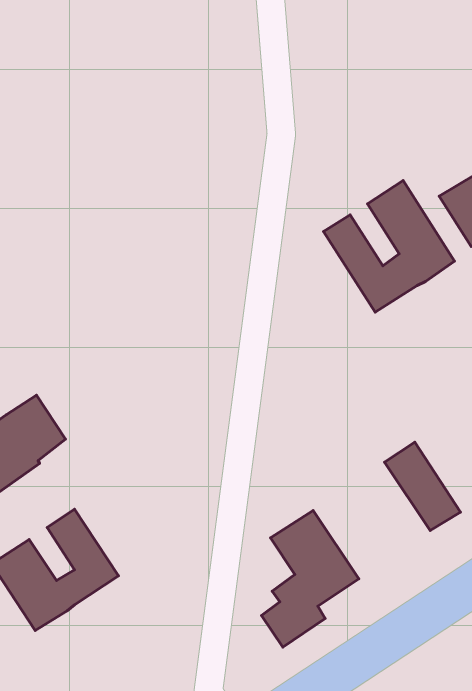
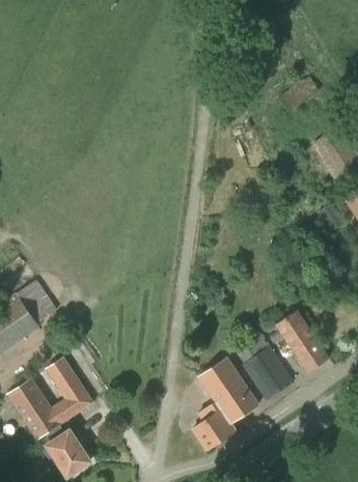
building: [324,180,455,312] -> none
building: none -> [243,347,293,399]
building: none -> [37,426,89,475]

